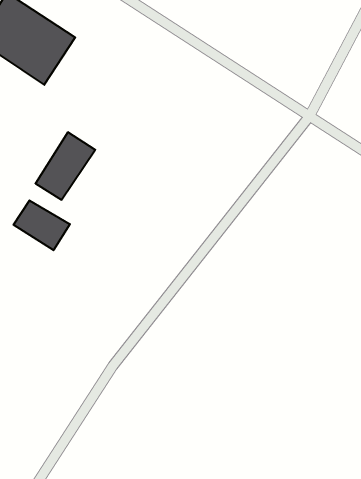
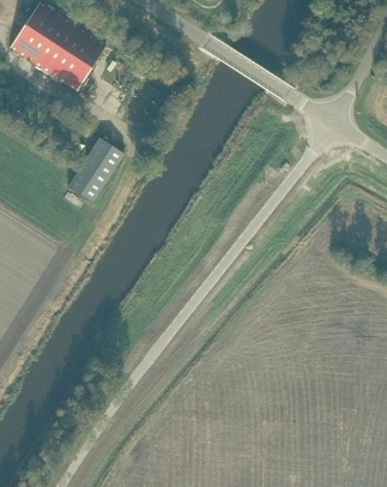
building: [14,200,70,250] -> none

